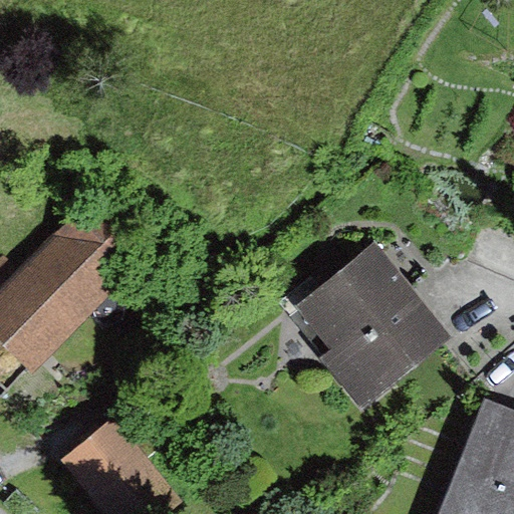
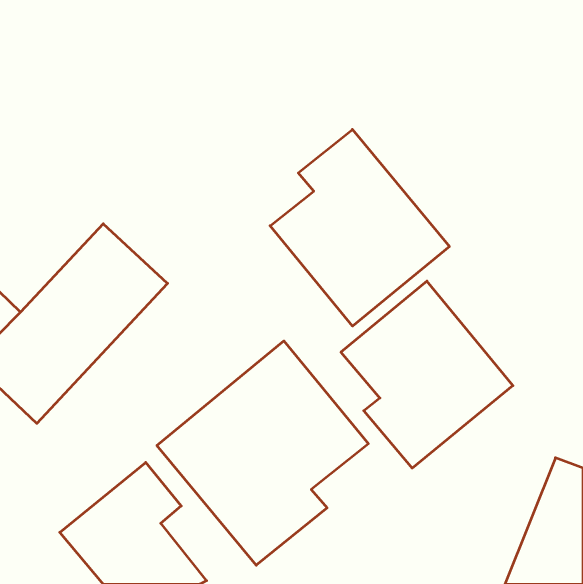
building: none -> [270,129,449,326]
building: none -> [157,341,368,565]

